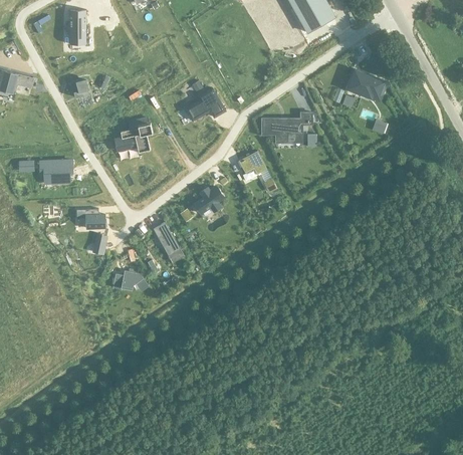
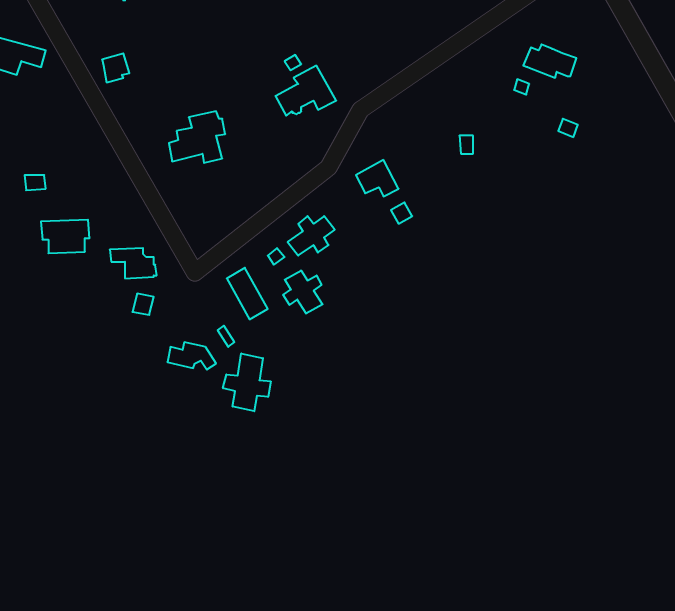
building: [261,112,311,143] -> none
building: [39,161,71,183] -> [41,220,90,253]
building: none -> [283,270,323,314]
building: none -> [223,353,271,411]

